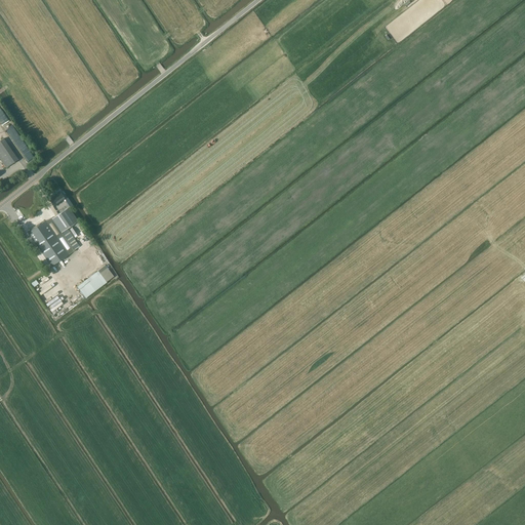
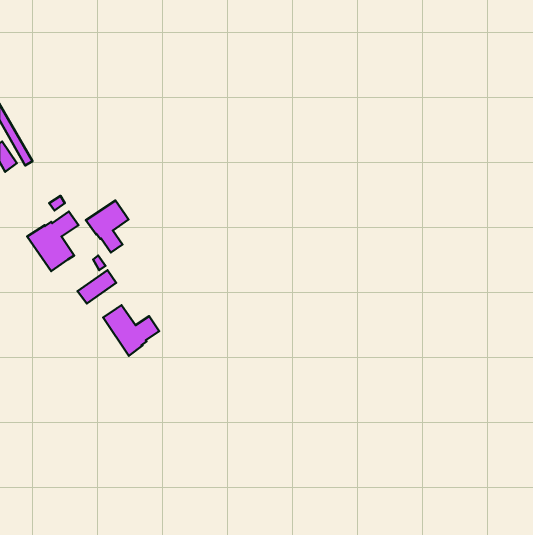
building: none -> [86,200,129,252]
building: none -> [103,305,159,356]

